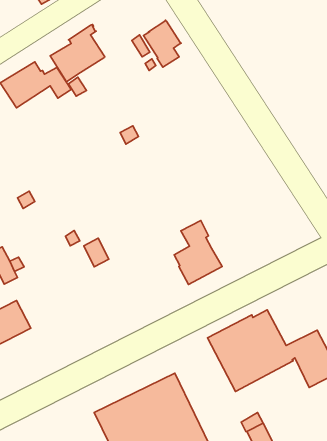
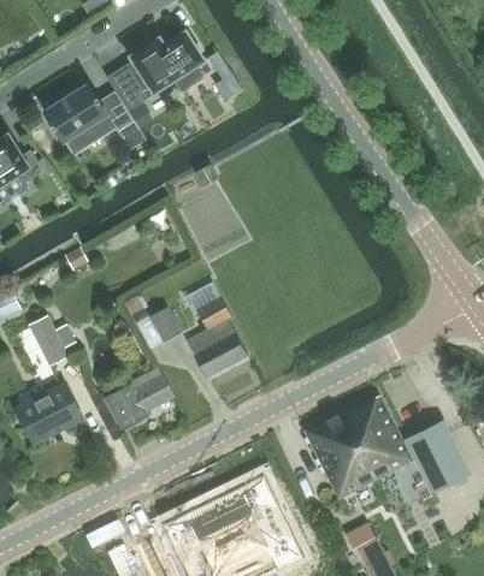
building: [144,20,181,67] -> [158,31,205,90]
building: [174,220,222,285] -> [188,297,248,378]
building: none -> [105,368,175,429]

